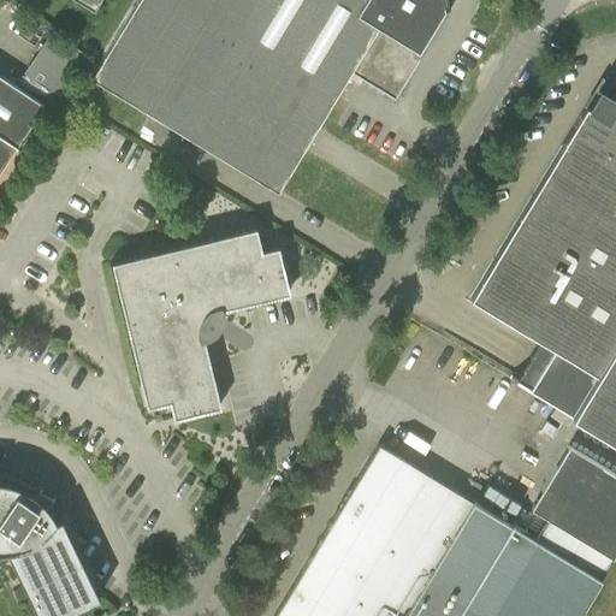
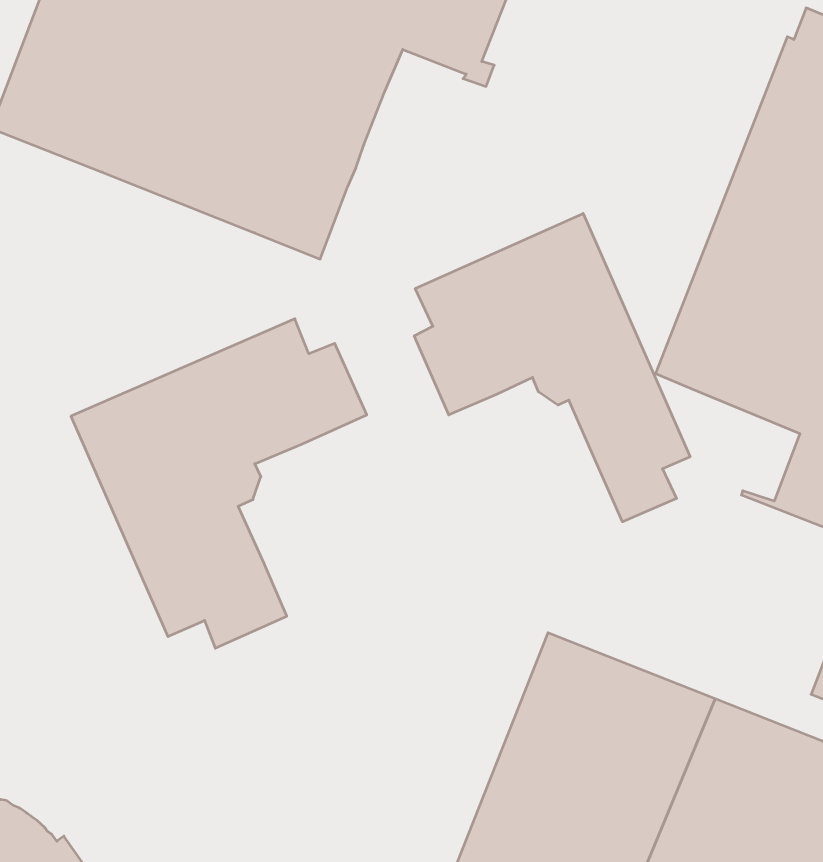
building: none -> [414,213,690,522]

